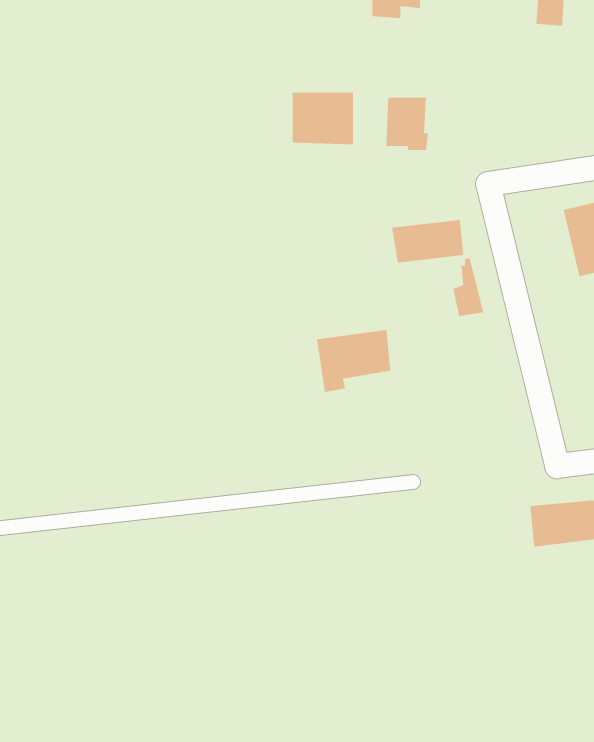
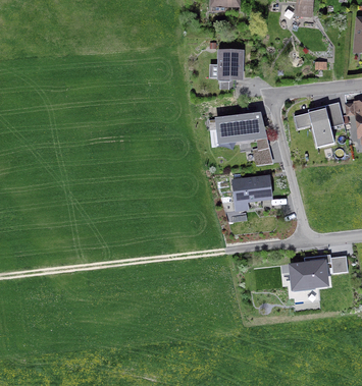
building: [292,92,353,145] -> none
building: [316,329,391,393] -> [230,177,269,210]

